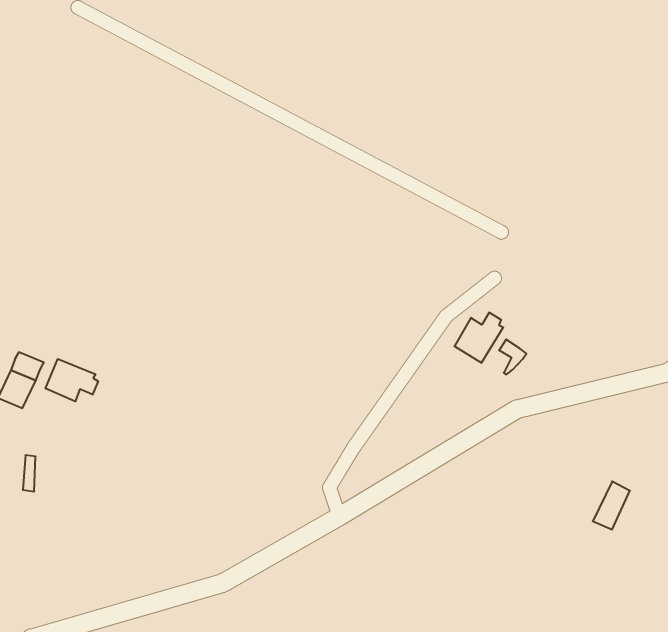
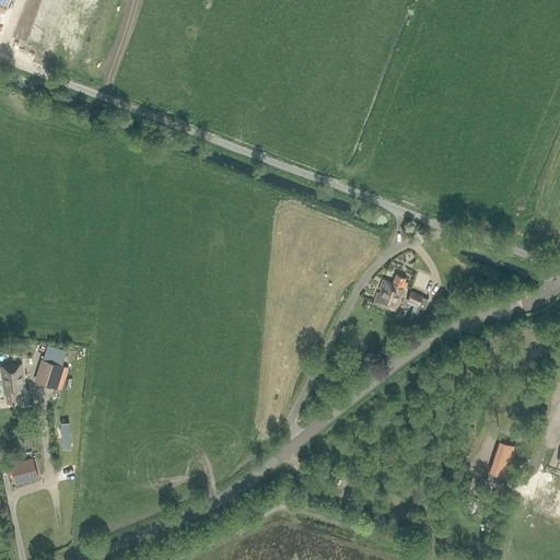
building: [46,359,98,401] -> none
building: [593,481,630,530] -> [489,442,514,478]

